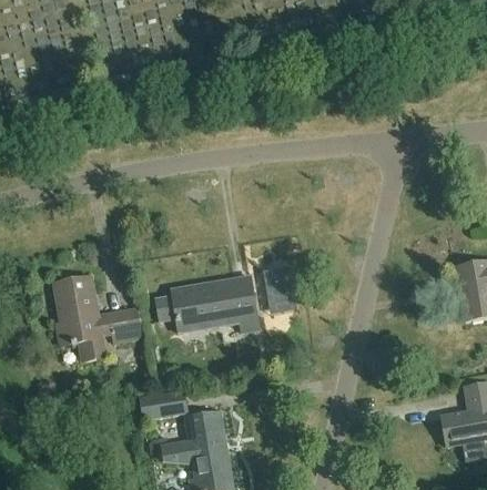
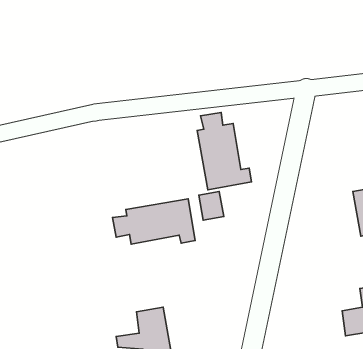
building: none -> [197,112,251,190]
building: [53,276,142,363] -> none
building: [139,389,189,420] -> none

